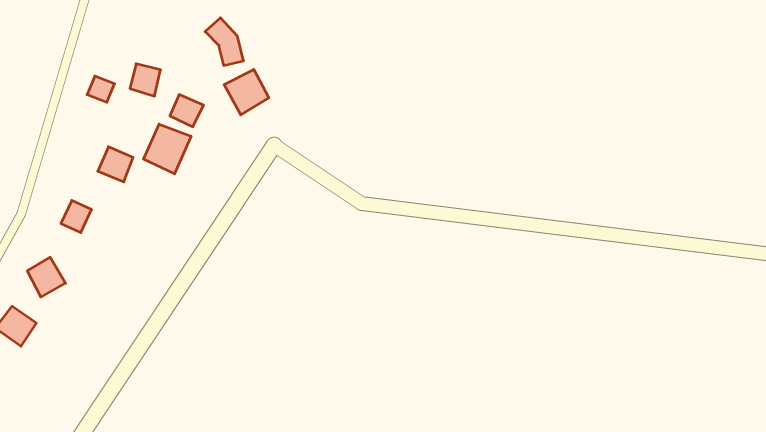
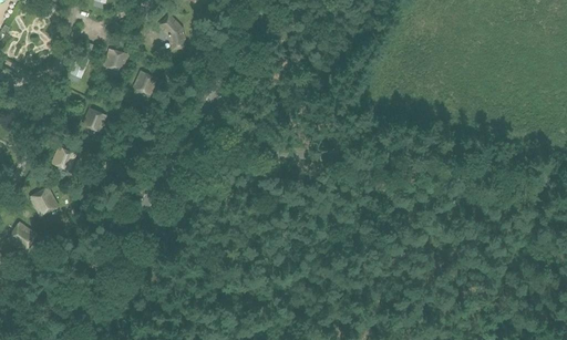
building: [224,69,269,115] -> none
building: [143,124,191,174] -> none

